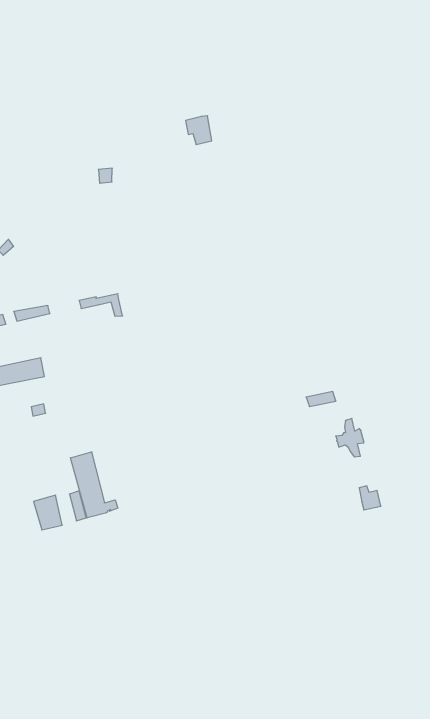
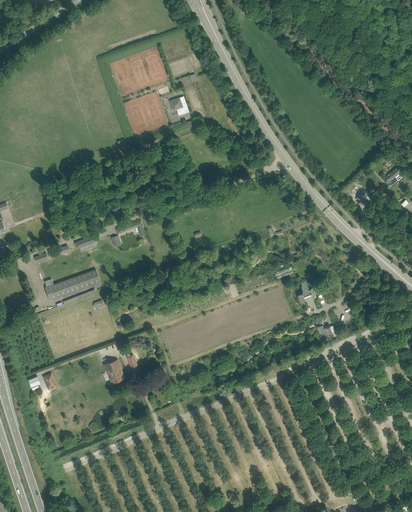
building: [70,452,118,518] -> none

